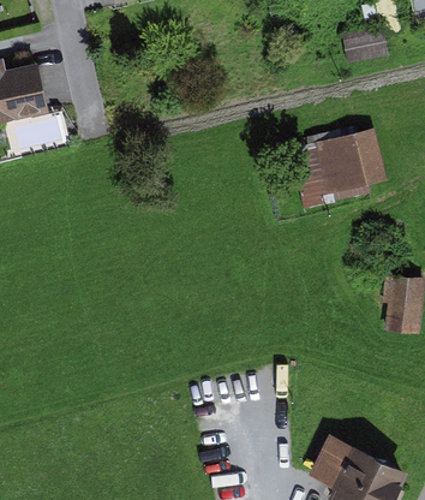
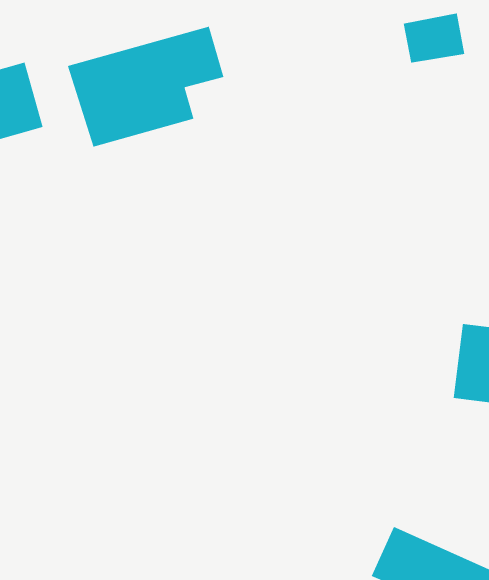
building: none -> [67,26,224,147]
building: [311,130,384,198] -> none

